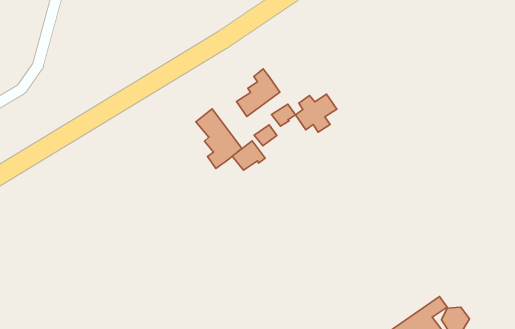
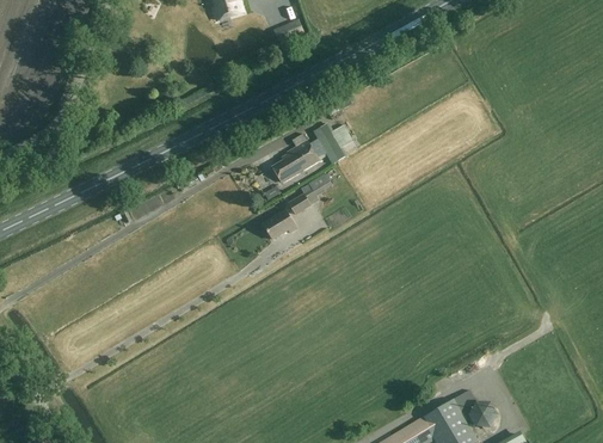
building: [295,94,337,132] -> [308,127,352,166]
building: [196,109,242,169] -> none

